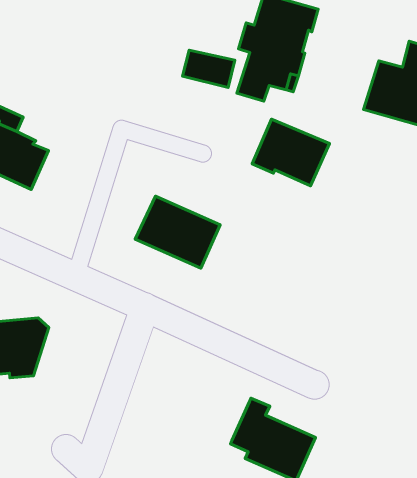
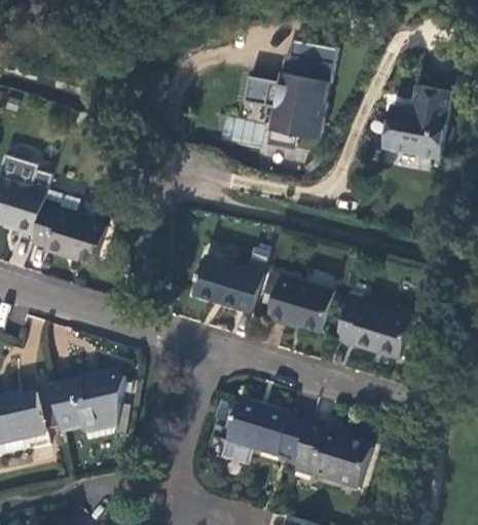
building: [252,119,330,186] -> [269,274,335,329]
building: none -> [337,293,412,355]
building: none -> [228,399,310,459]

